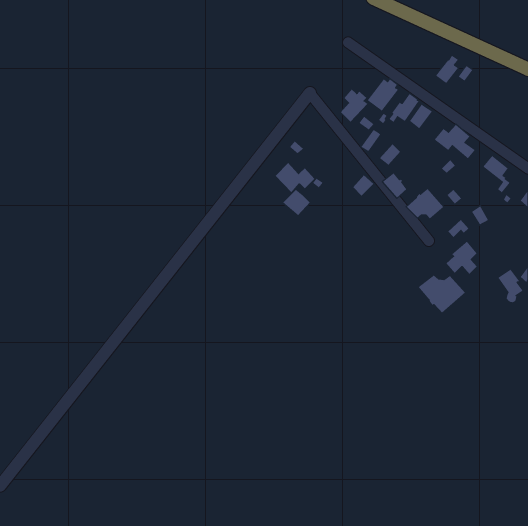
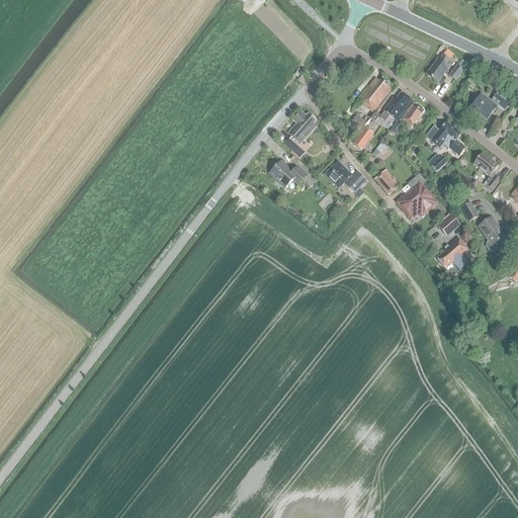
building: [340,88,368,123] -> [289,110,317,144]
building: none -> [470,88,513,119]
building: [283,189,310,216] -> [324,161,351,187]
building: [498,269,523,303] -> [478,217,503,250]
building: [418,274,466,314] -> none

